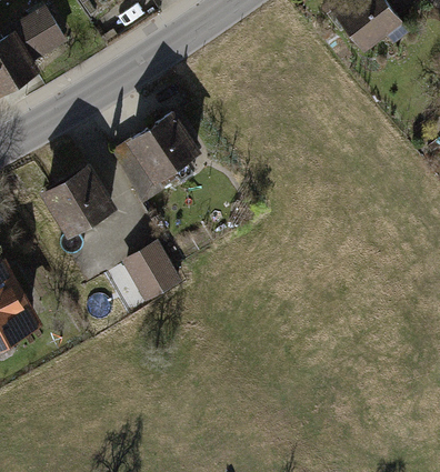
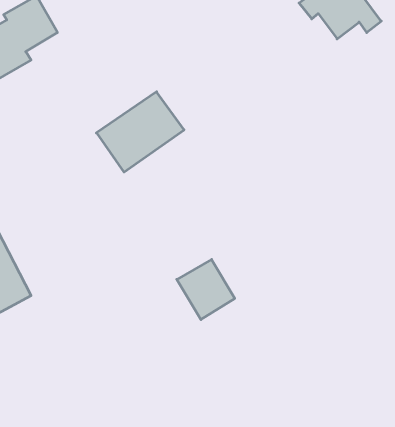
building: [41,163,118,240] -> none
building: [119,241,180,304] -> [177,259,235,320]

